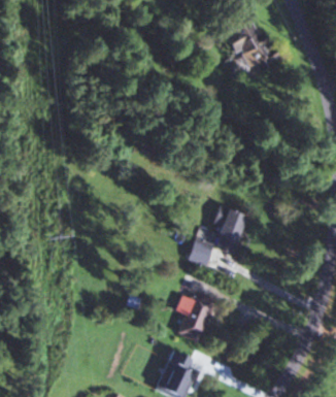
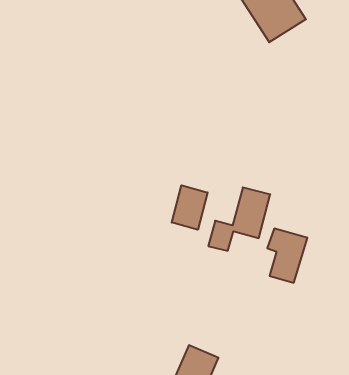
building: none -> [172,185,208,230]
building: [176,293,212,341] -> [267,229,307,283]

